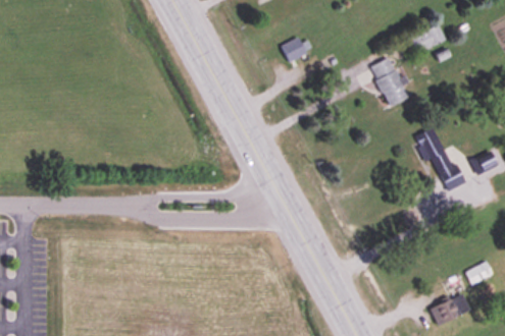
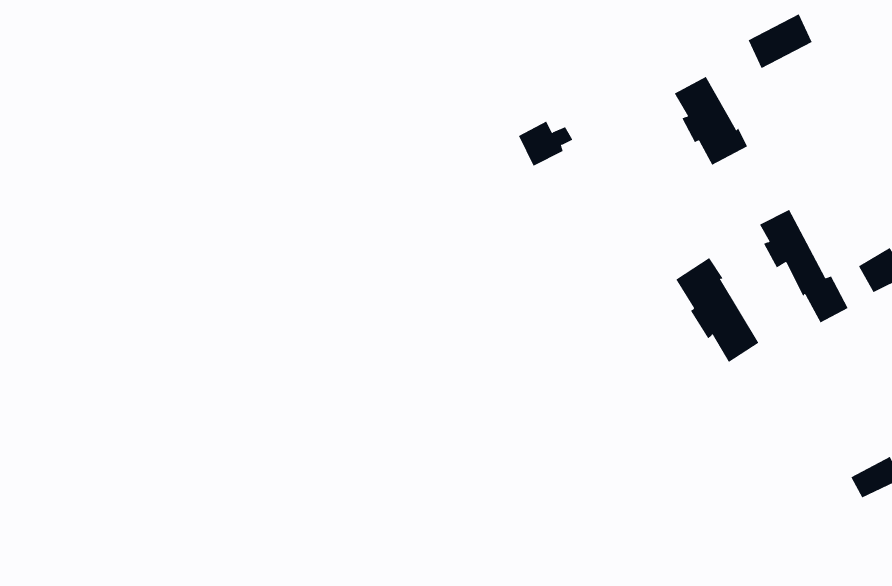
building: [283,38,312,62] -> [518,121,573,166]
building: none -> [675,257,759,363]
building: [431,294,469,324] -> none

